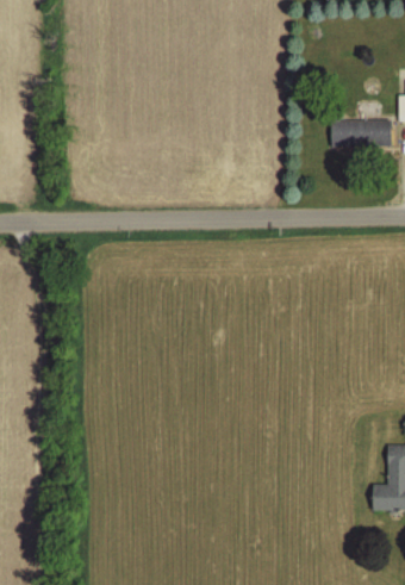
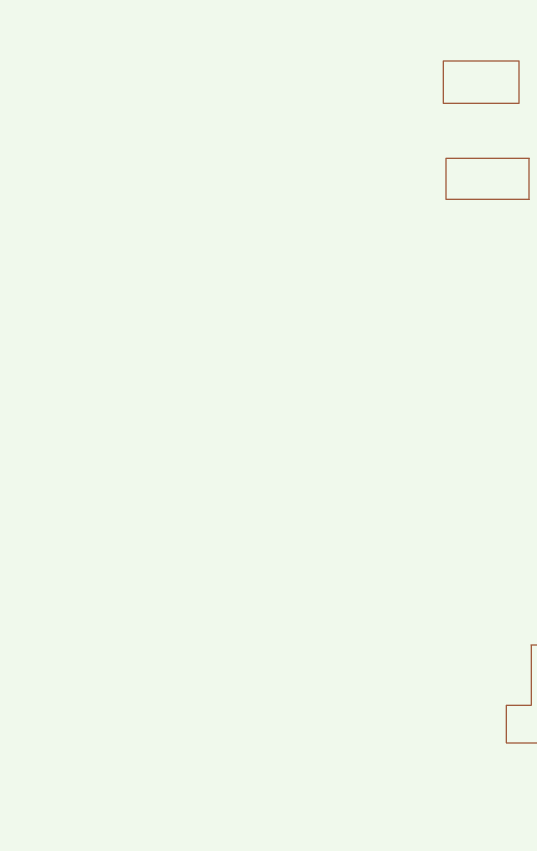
building: none -> [443,61,519,103]

